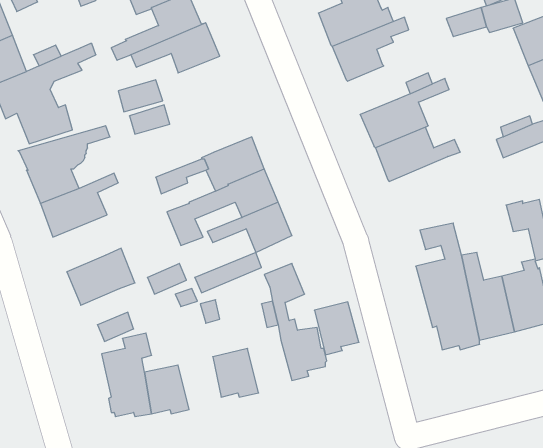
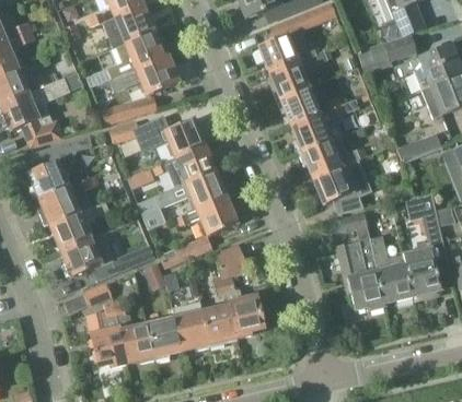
building: none -> [280,88,320,127]
building: none -> [138,118,205,156]
building: none -> [313,159,372,213]
building: none -> [48,200,108,250]
building: [314,302,359,355] -> [201,304,236,345]
building: none -> [147,317,181,358]

